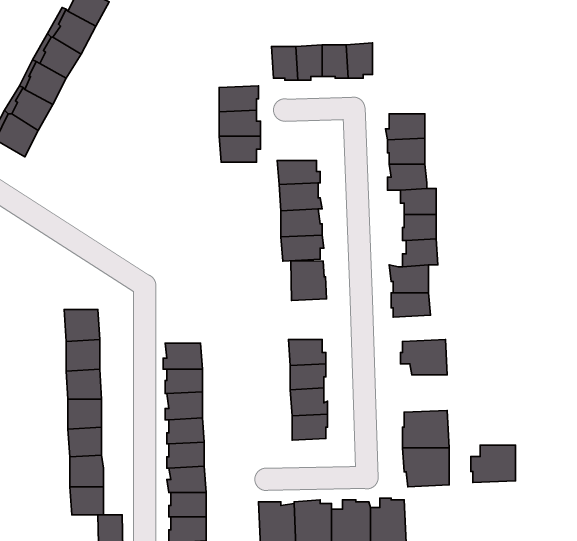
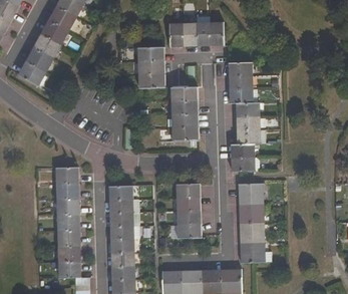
building: [291,261,327,300] -> none
building: [471,445,516,483] -> [239,203,263,223]

